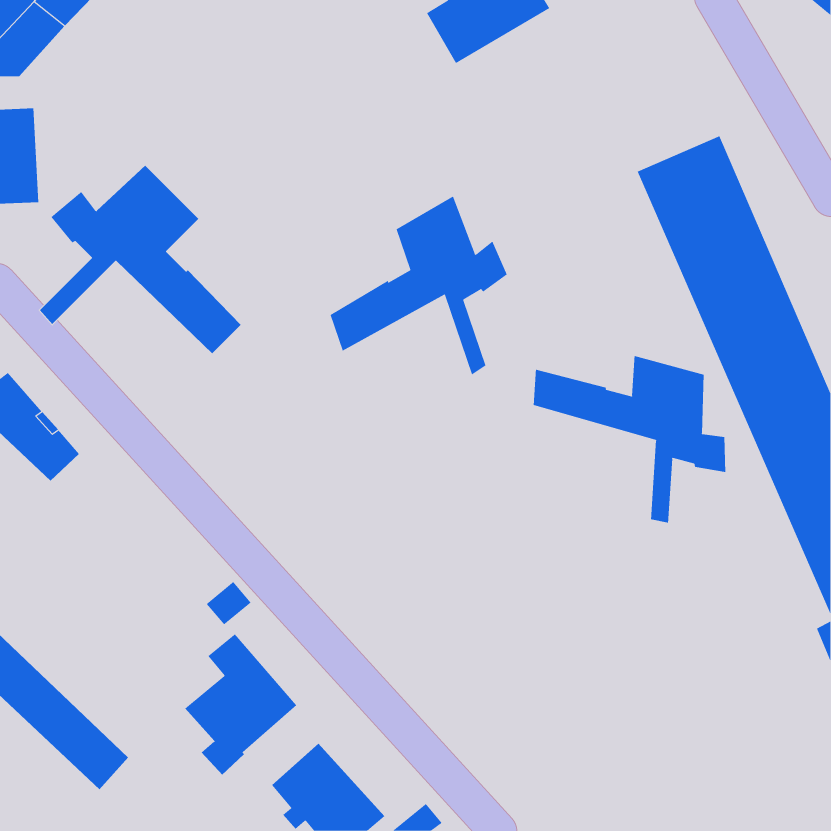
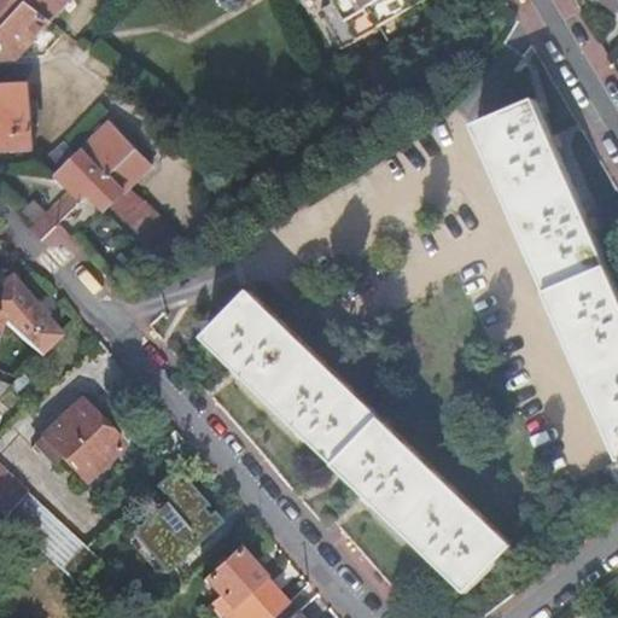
building: [330,196,508,375] -> none
building: [533,355,726,524] -> none
building: none -> [203,291,509,591]
building: none -> [39,402,119,483]

